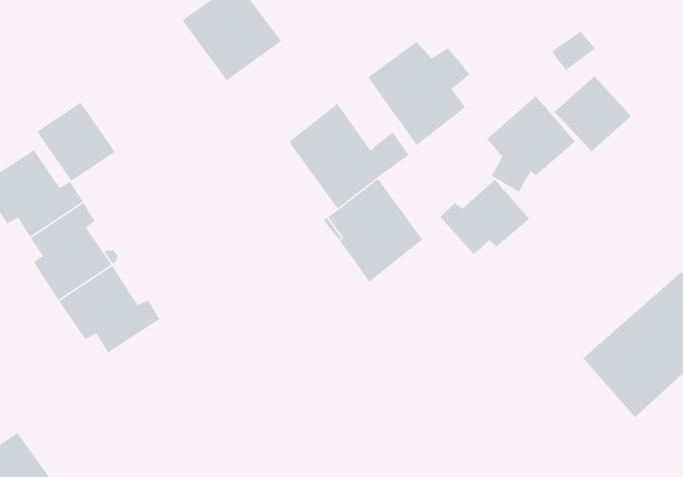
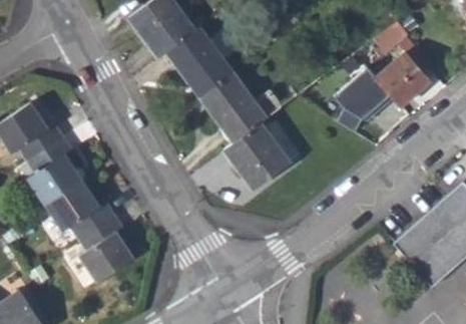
building: [367,41,471,146] -> [166,27,236,97]
building: [36,102,116,182] -> none
building: [439,179,530,255] -> none
building: none -> [79,216,133,281]

